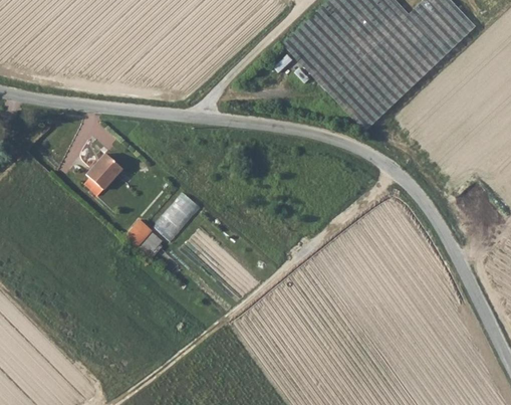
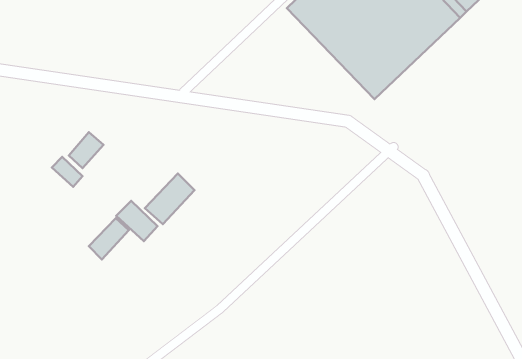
building: none -> [52,157,83,187]
building: none -> [89,218,129,259]

